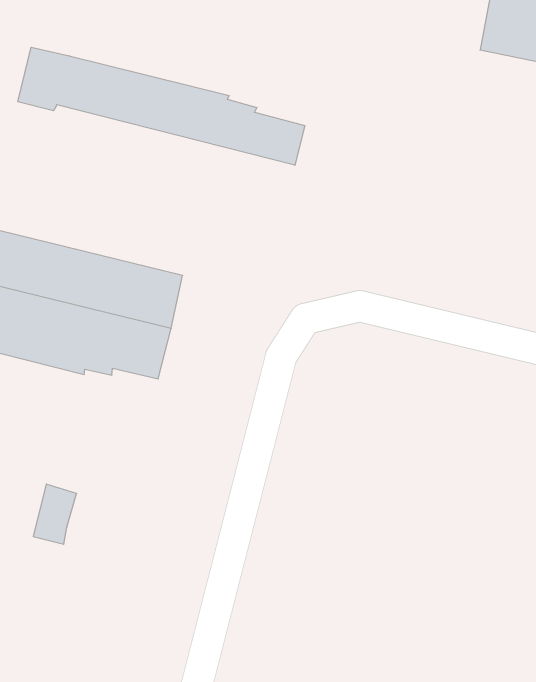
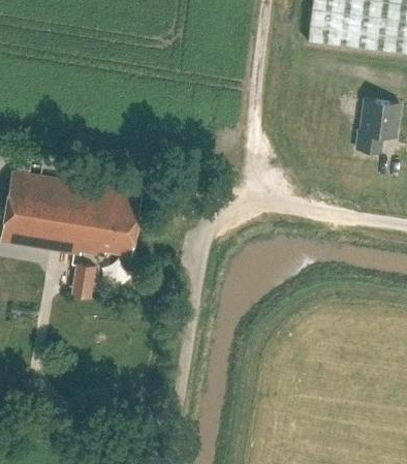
building: [18,47,305,165] -> none
building: [33,484,77,544] -> [72,261,96,297]

